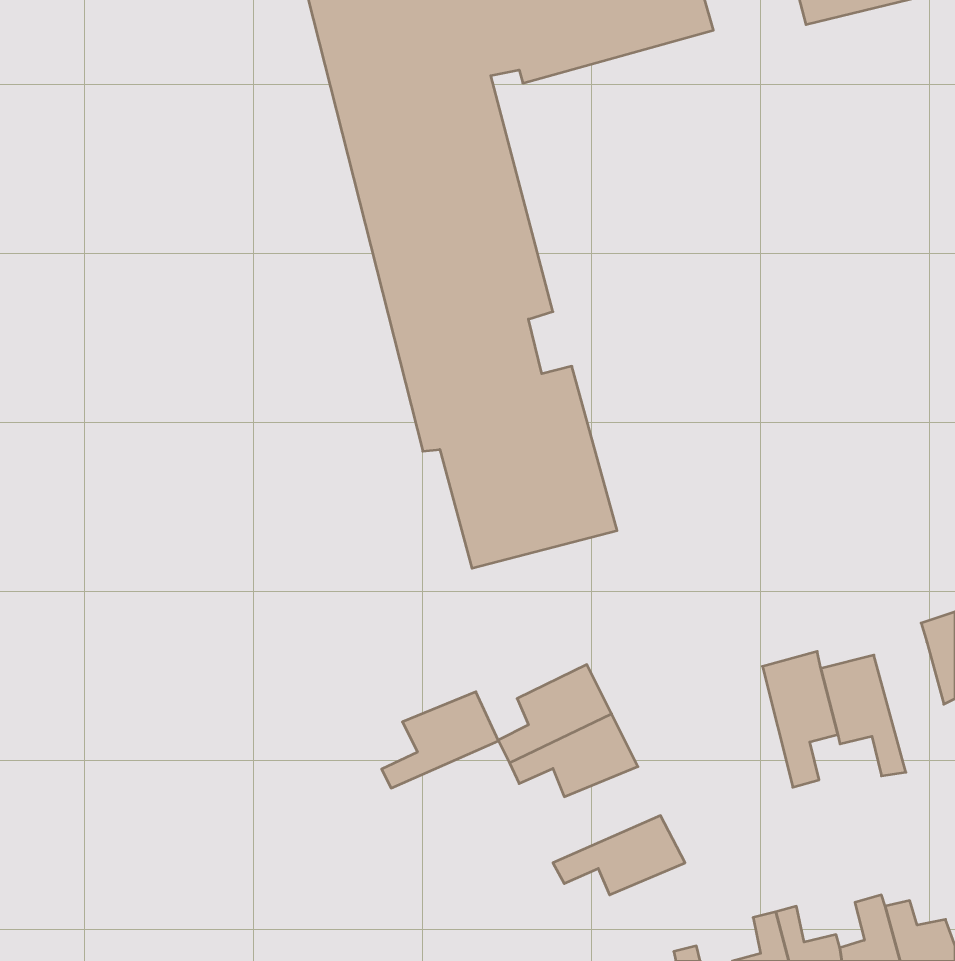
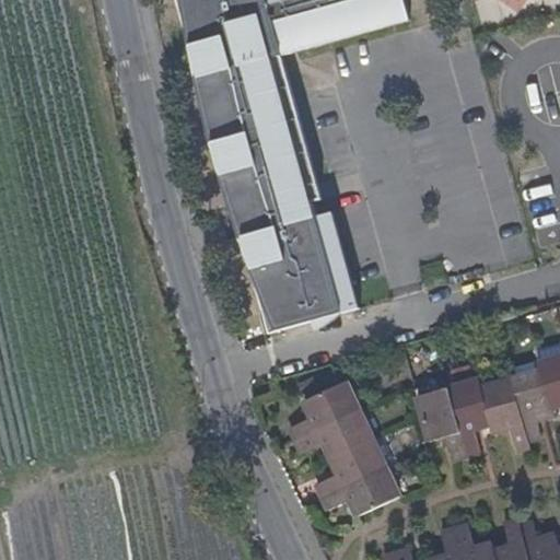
building: none -> [506,372,548,440]
building: none -> [412,386,459,460]
building: [382,692,499,788] -> [315,444,383,500]

